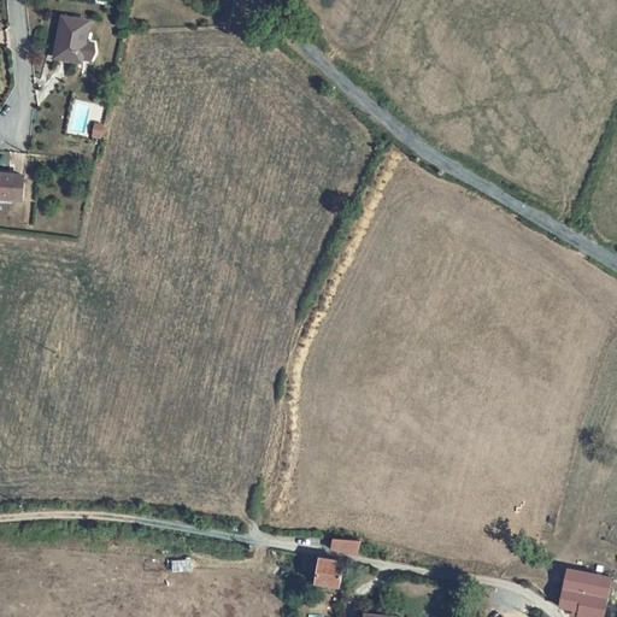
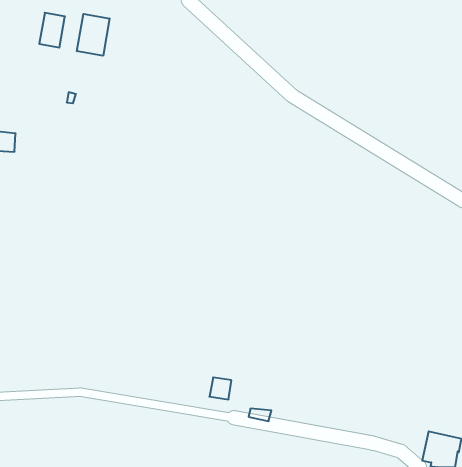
building: none -> [77,14,110,56]
building: [313,558,342,587] -> [209,377,231,399]

